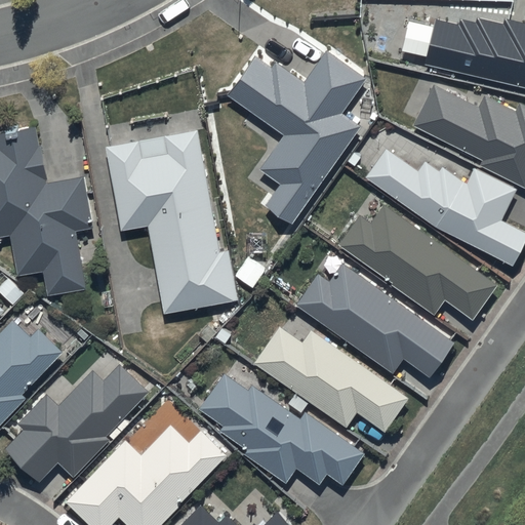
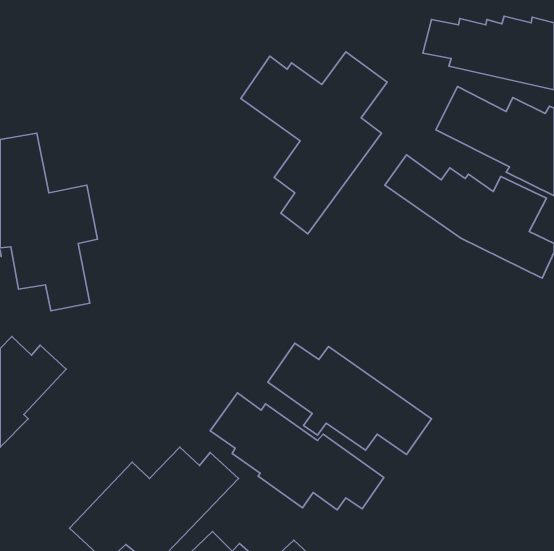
building: [105,130,237,314] -> none
building: [337,204,496,321] -> none
building: [296,264,453,377] -> none
building: [4,365,148,483] -> none

